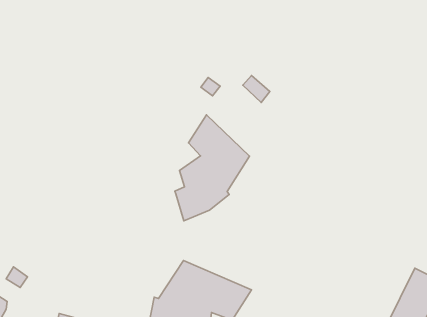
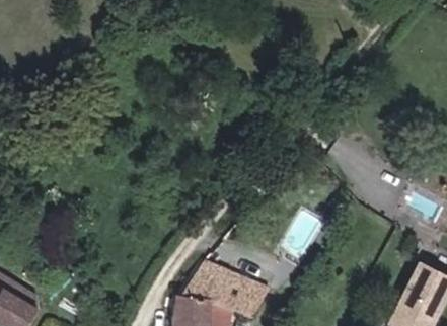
building: [175,115,249,221] -> none

